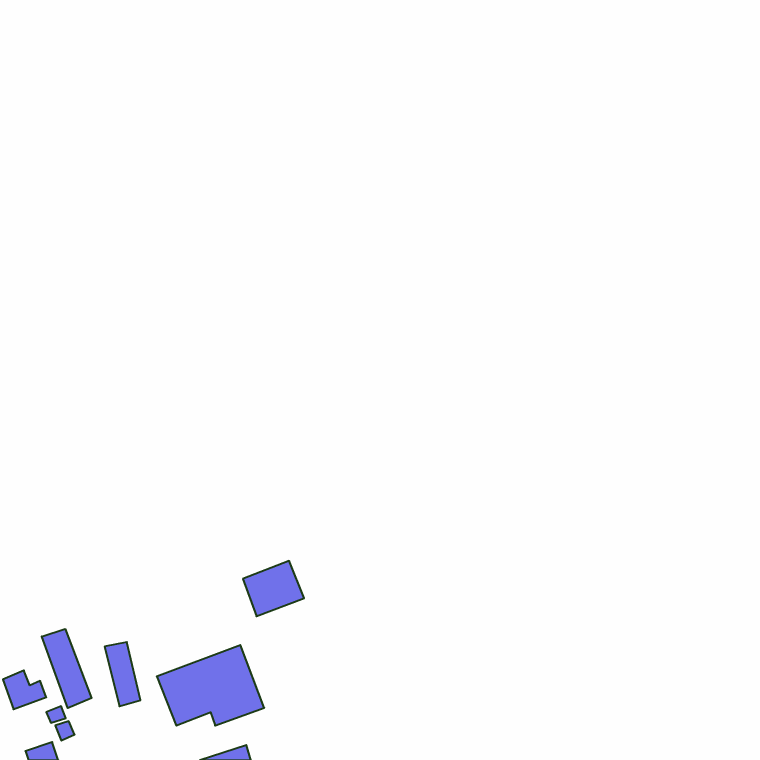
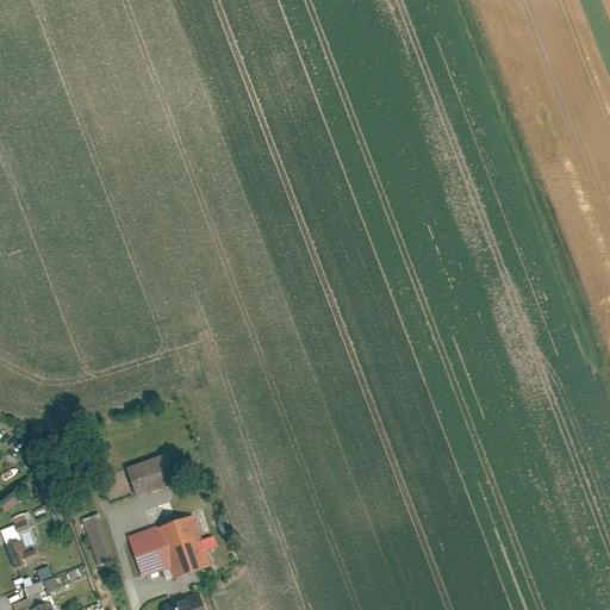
building: [243,561,304,616] -> [130,450,179,494]
building: [42,629,92,708] -> none

